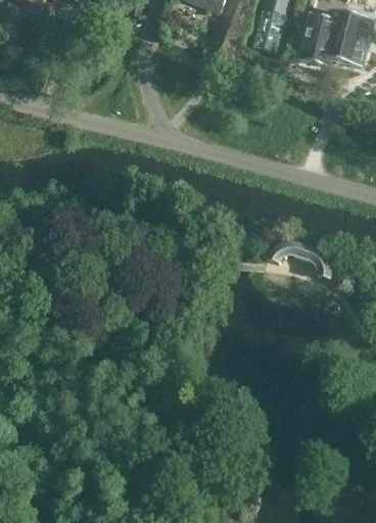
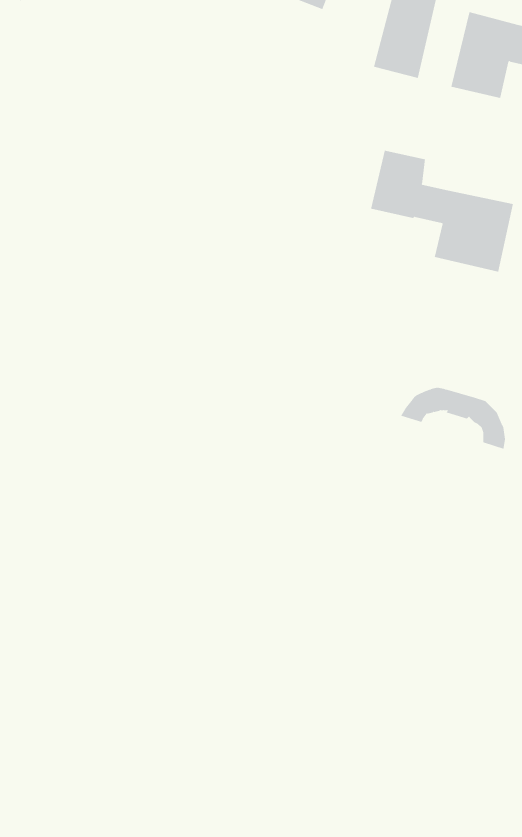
building: none -> [370,150,513,272]

